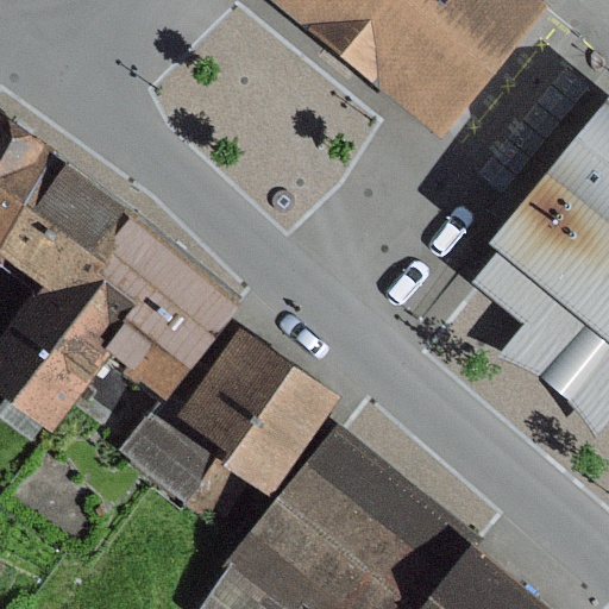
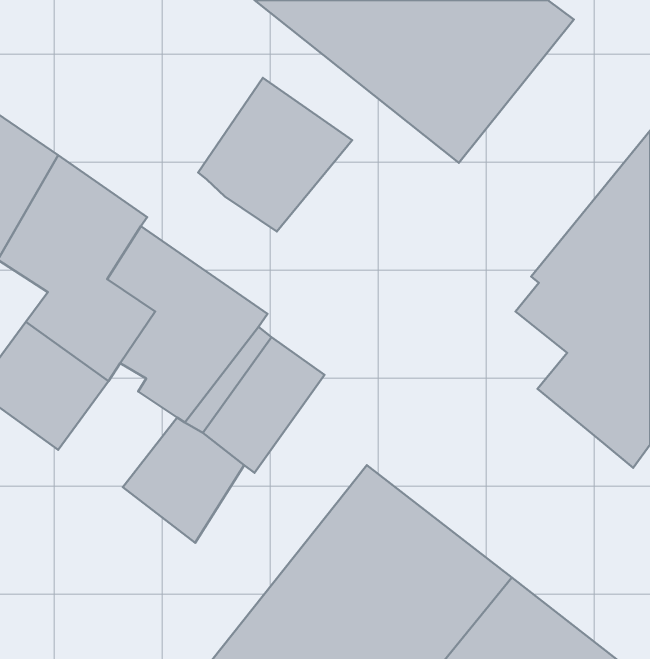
building: none -> [198,78,352,232]
building: [180,346,345,526] -> none

